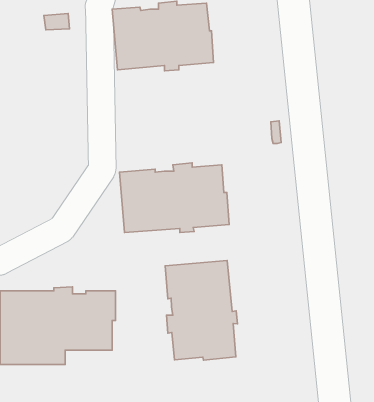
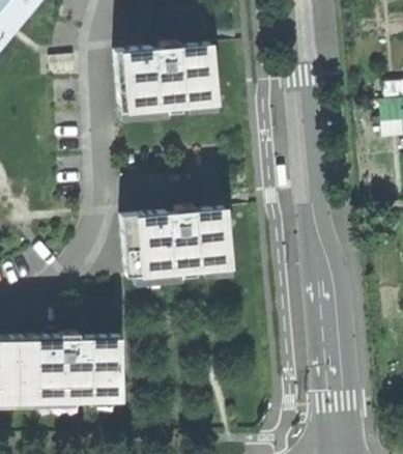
building: [165,261,238,360] -> none

